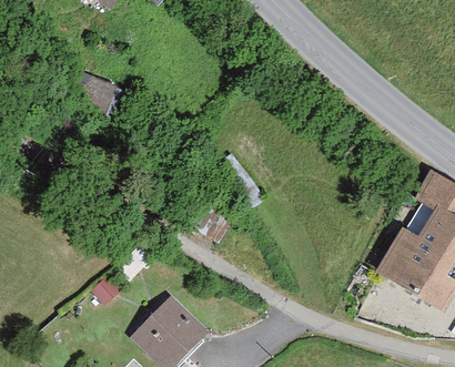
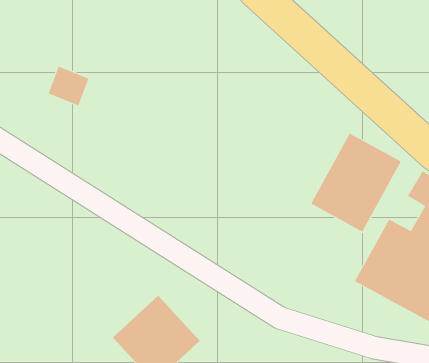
building: none -> [311,133,401,232]

